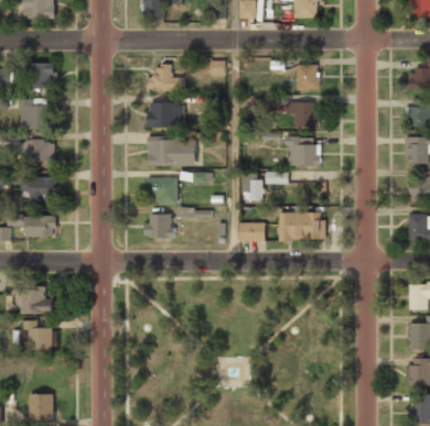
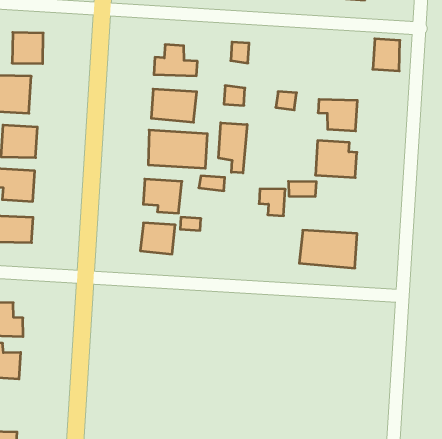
building: [297,64,319,89] -> [373,39,400,71]
building: none -> [219,123,247,173]
building: [239,222,265,240] -> none

